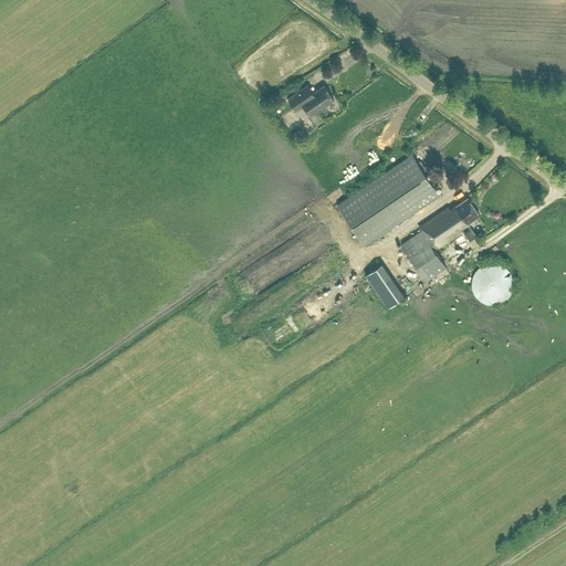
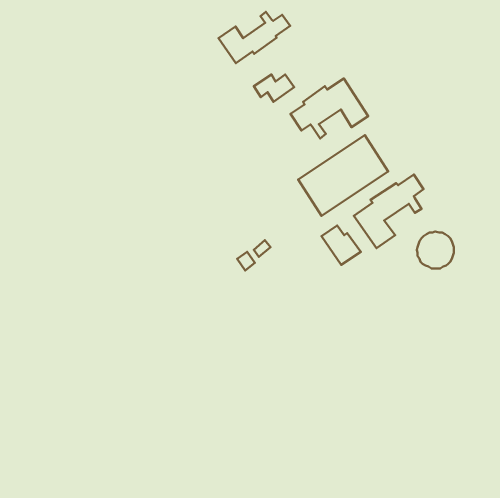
building: none -> [219,12,290,63]
building: none -> [290,79,368,138]

